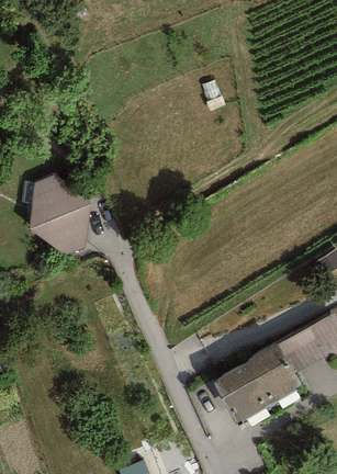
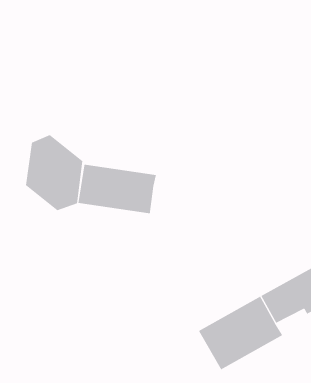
building: none -> [78,164,156,214]

